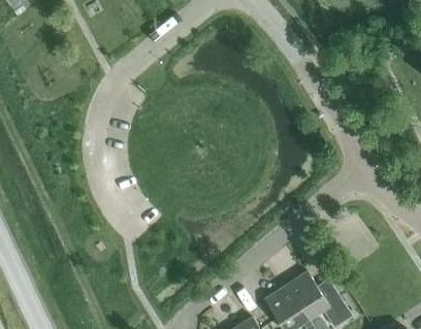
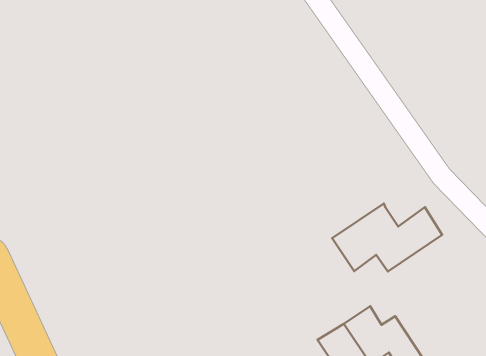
building: none -> [332,204,442,272]

